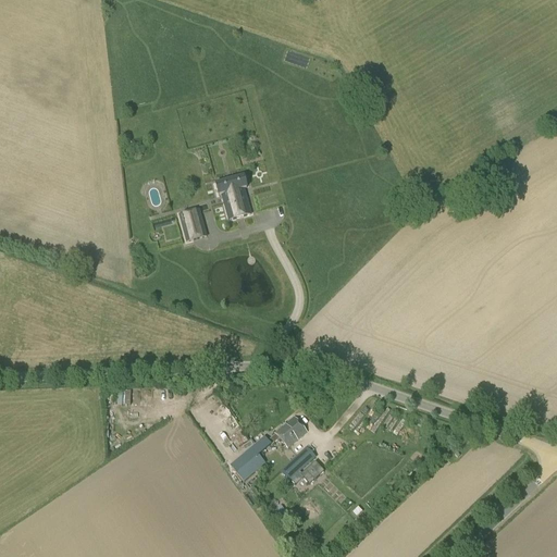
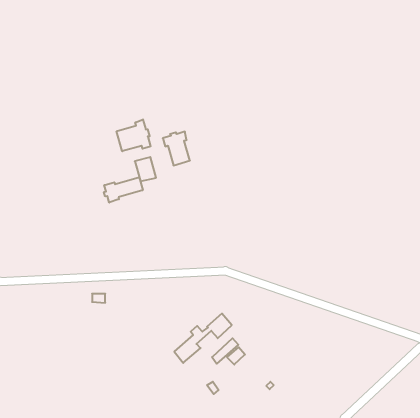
building: none -> [117,119,151,151]
building: none -> [104,177,143,203]

